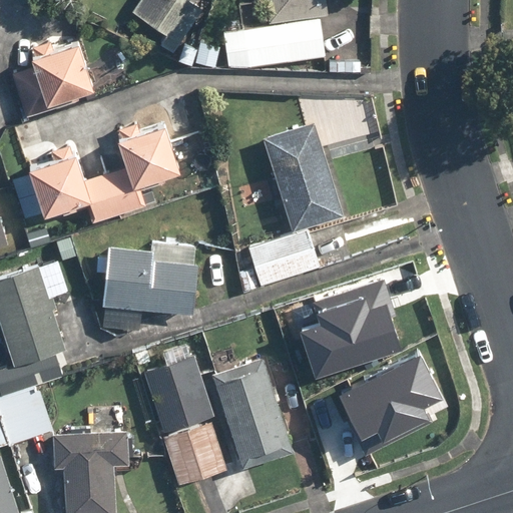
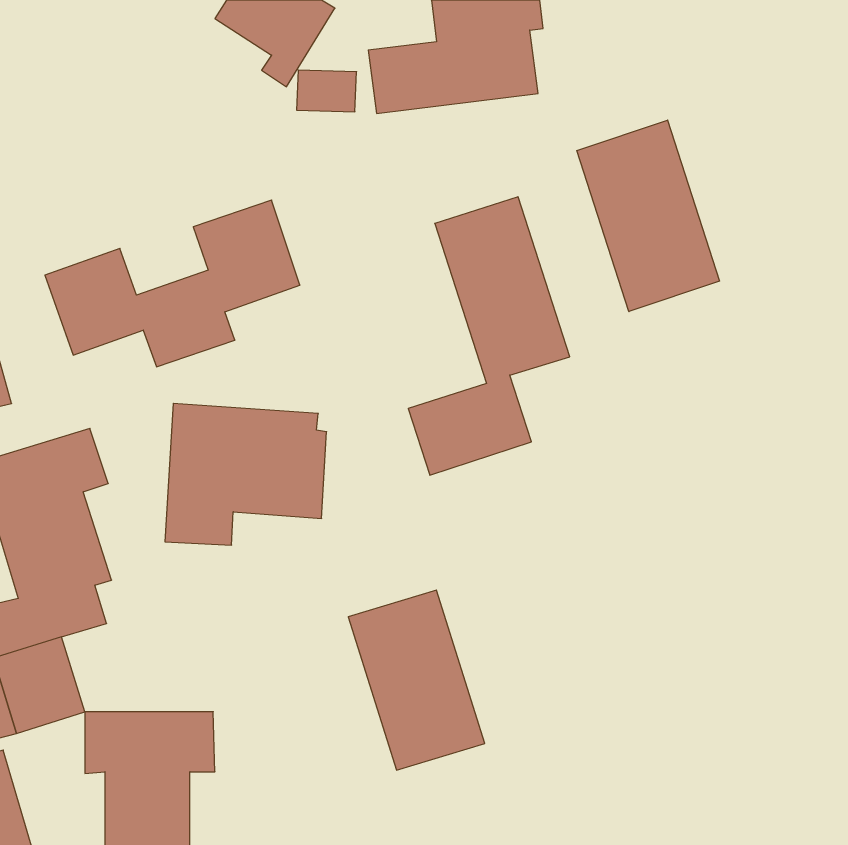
building: [9,43,94,119] -> none
building: none -> [577,120,720,312]
building: [298,275,405,371] -> none
building: [336,347,439,446] -> none
building: [142,358,226,487] -> none

